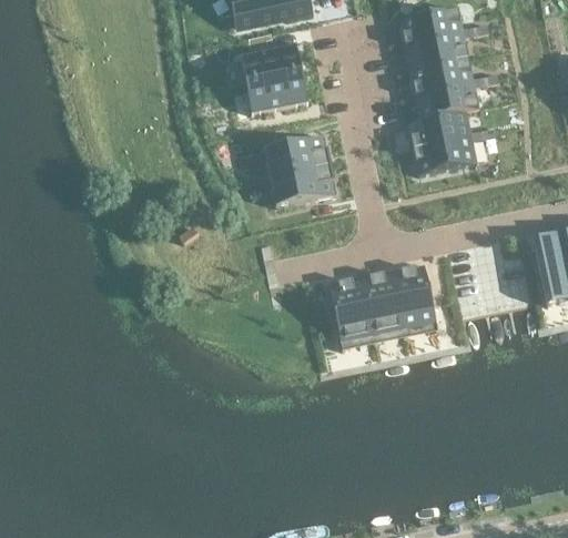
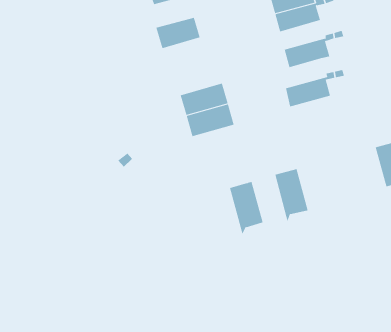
building: [410,60,473,98] -> none
building: [246,74,306,115] -> none
building: [407,113,471,151] -> none
building: [361,270,404,342] -> none

